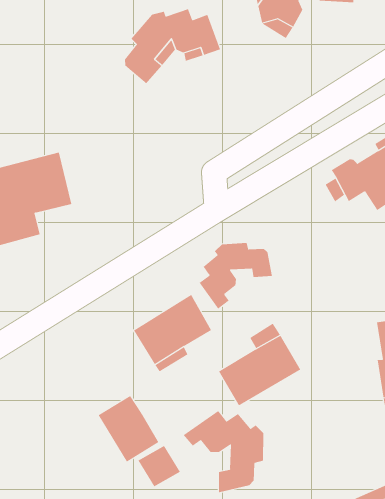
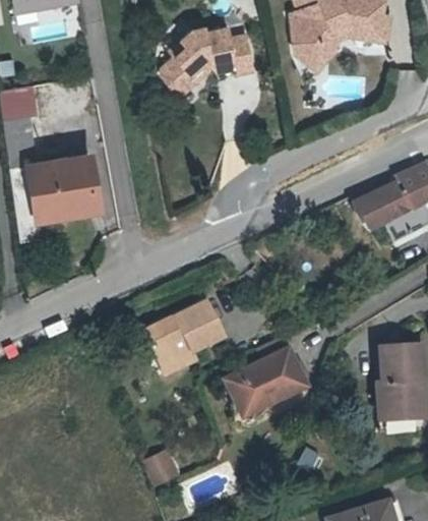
building: [199,242,272,310] -> none
building: [98,395,159,462] -> none
building: [183,410,264,493] -> none

